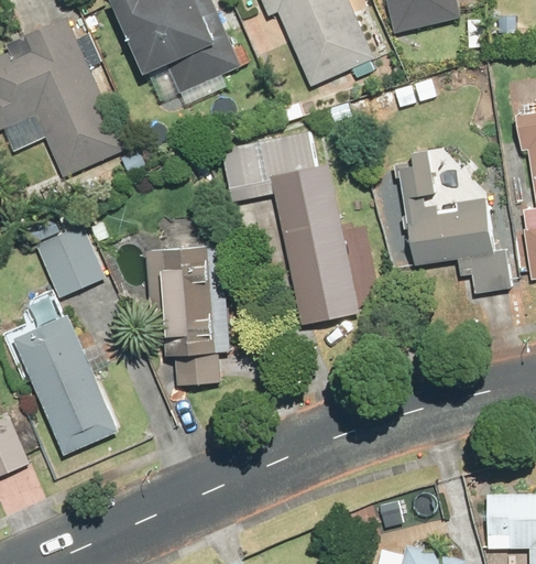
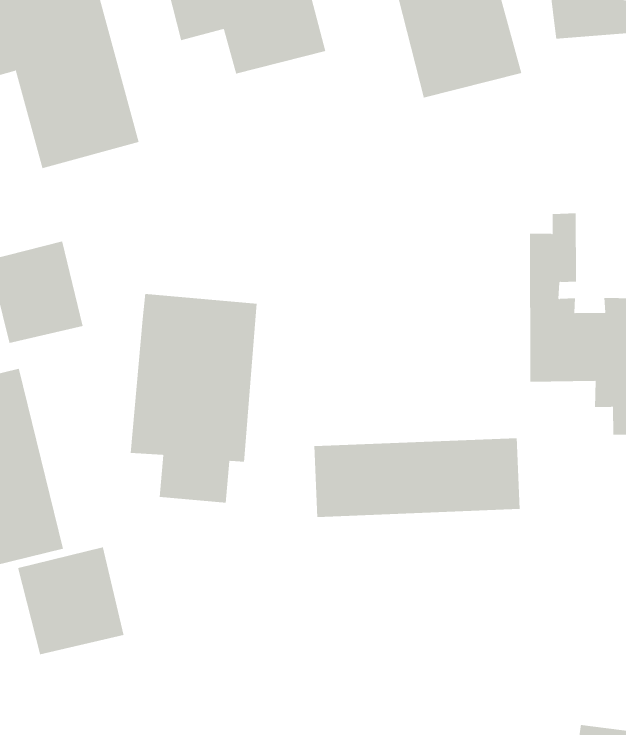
building: [221,131,360,326] -> none
building: none -> [314,437,520,518]
building: none -> [17,547,124,655]

